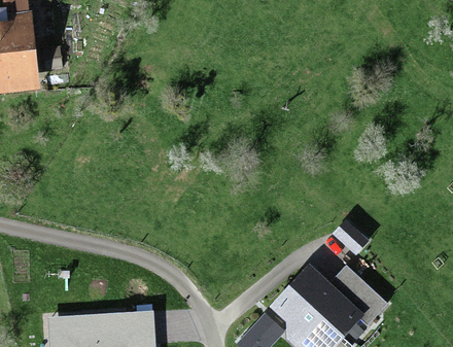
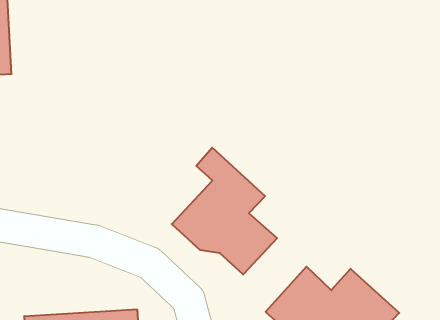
building: none -> [172,148,277,275]

